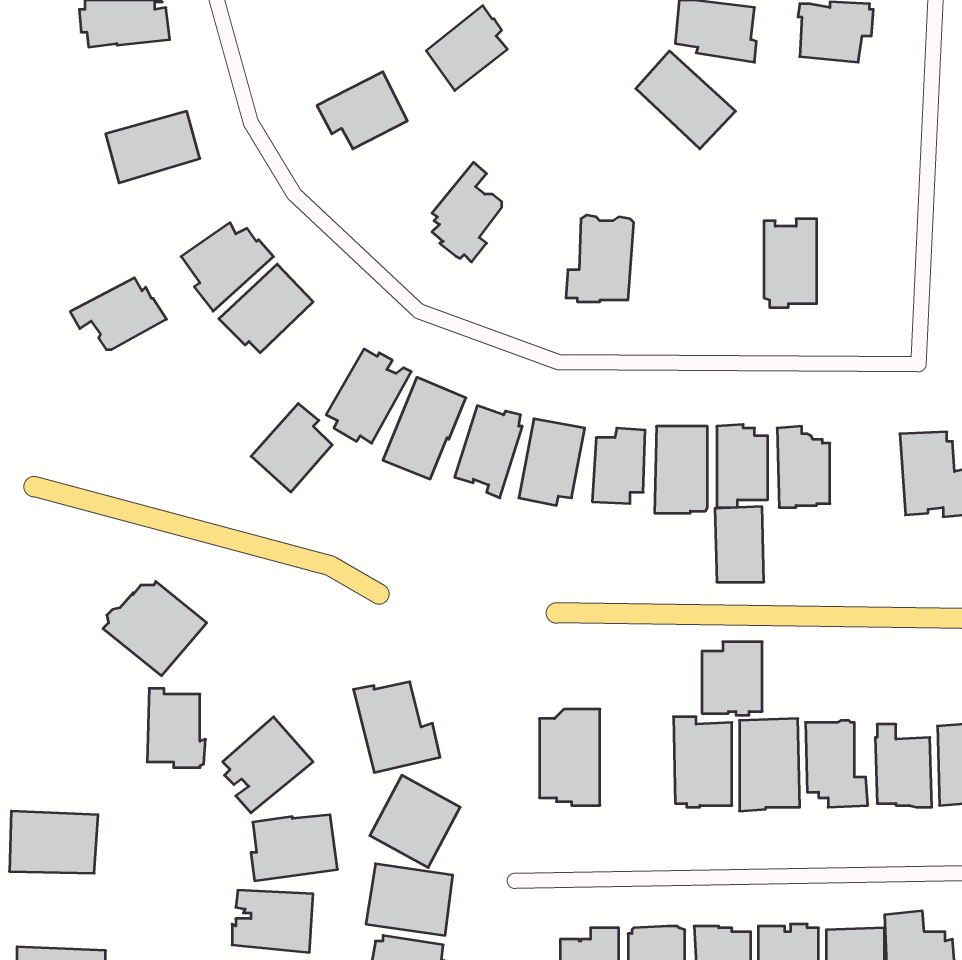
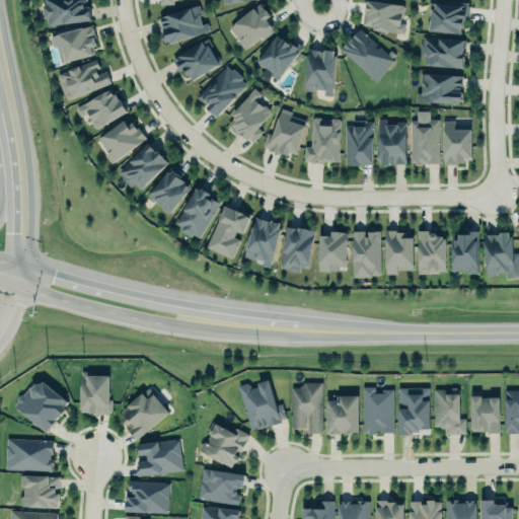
building: none -> [159,6,210,46]
building: none -> [52,26,97,65]
building: none -> [258,36,303,81]
building: none -> [421,40,465,69]
building: none -> [306,51,336,97]
building: none -> [197,67,248,119]
building: none -> [417,74,463,105]
building: none -> [264,109,307,157]
building: none -> [345,120,374,168]
building: none -> [379,120,407,168]
building: none -> [444,123,472,165]
building: [70,278,167,349] -> [76,91,128,130]
building: [251,403,332,492] -> [148,167,192,215]
building: [715,507,764,582] -> [453,233,479,274]
building: [103,581,207,676] -> [14,380,70,431]
building: [702,642,762,715] -> [326,397,359,437]
building: [353,682,440,772] -> [239,382,286,431]
building: none -> [19,474,59,508]

